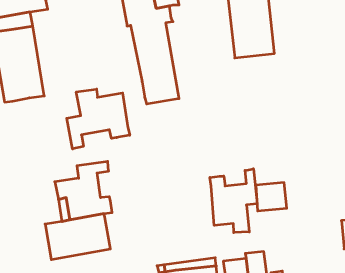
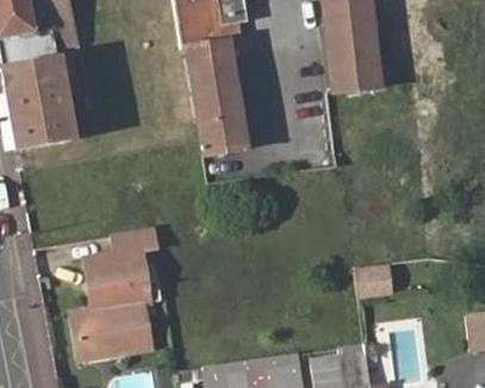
building: [67,89,130,149] -> none
building: [210,169,257,233] -> none

